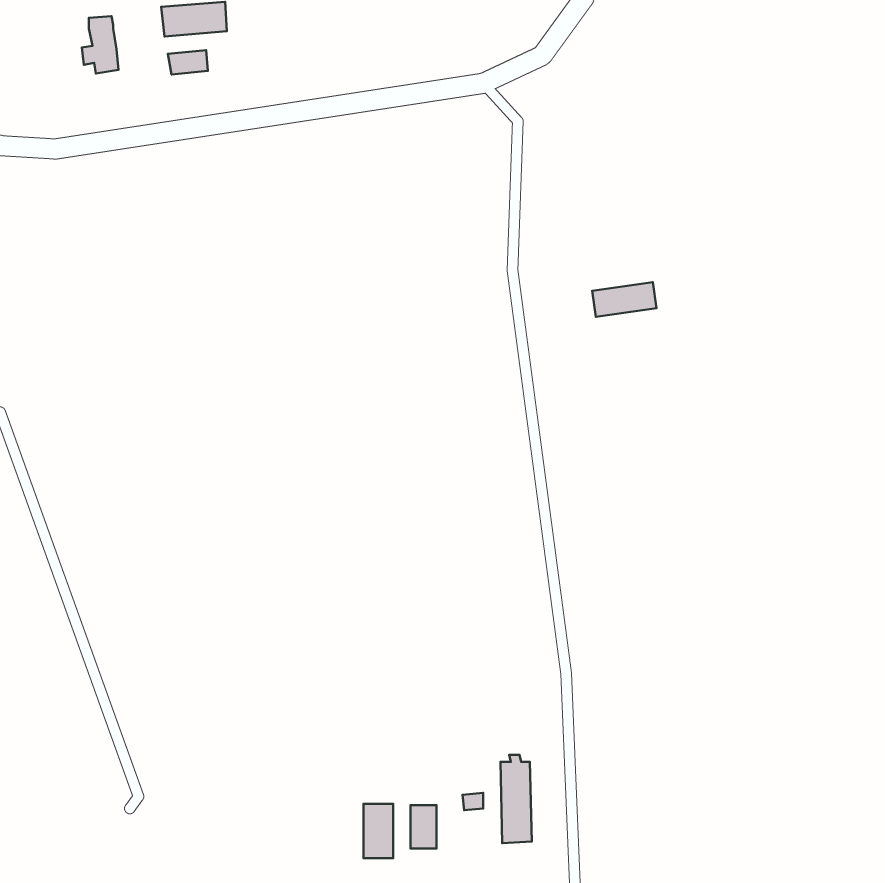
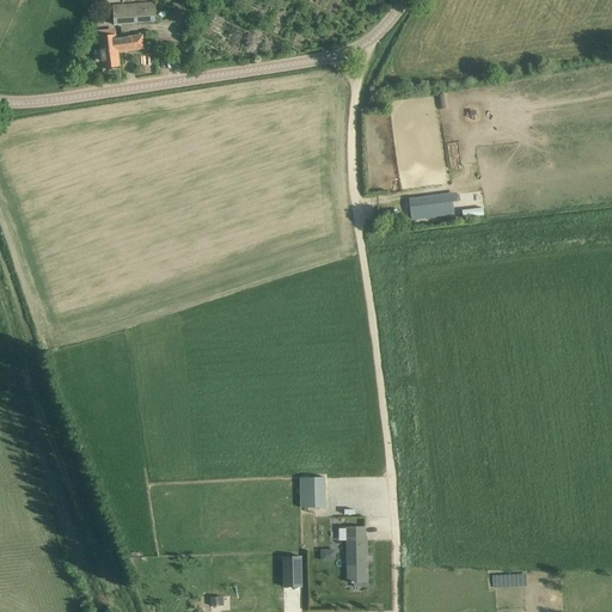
building: [82,16,118,73] -> [94,29,120,68]
building: none -> [300,477,325,506]
building: [364,804,393,858] -> none

